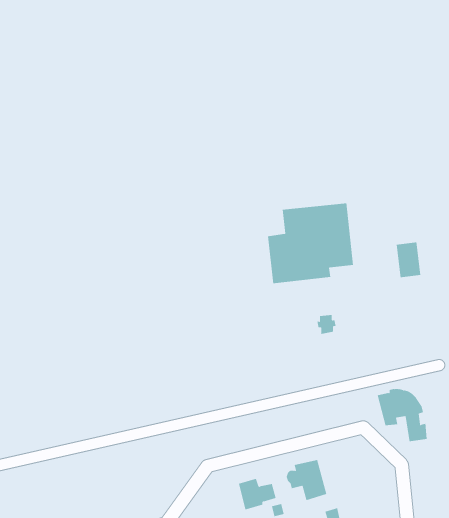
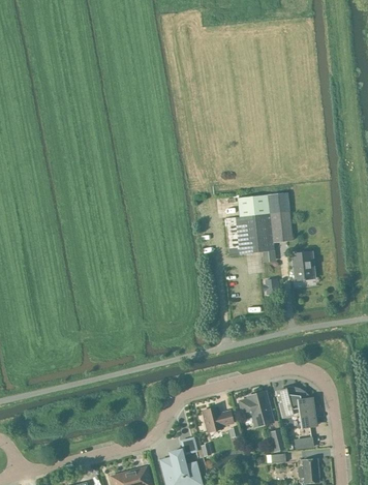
building: [396,242,421,278] -> [294,251,313,279]
building: [377,389,427,442] -> [277,386,316,427]

